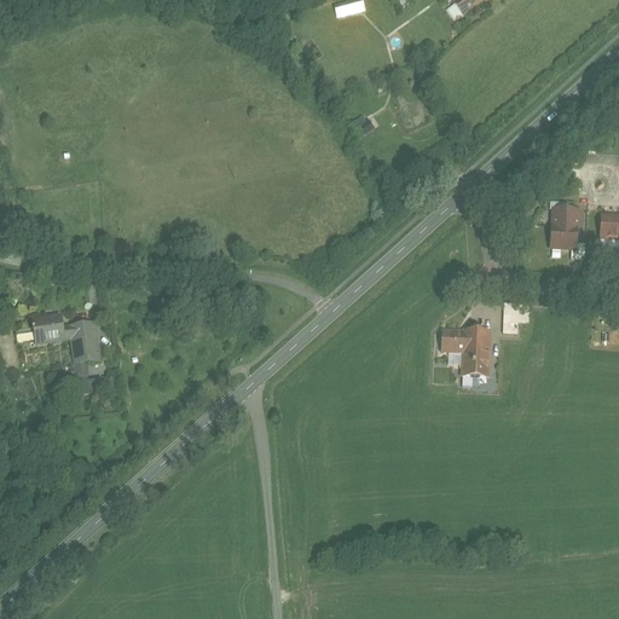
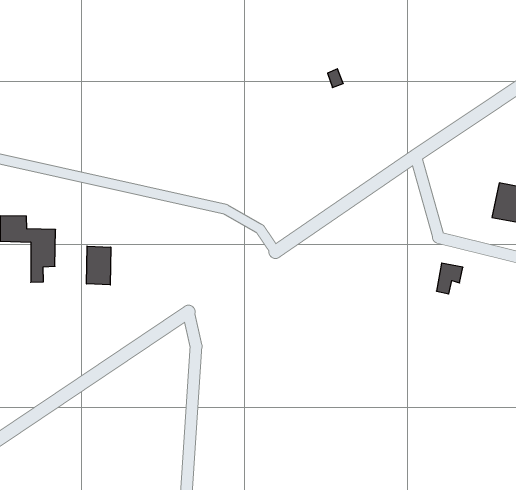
building: [440,324,491,375] -> none
building: none -> [87,246,111,285]

